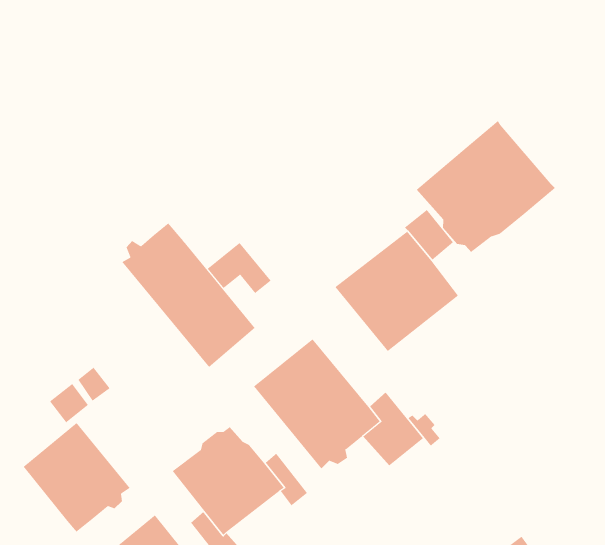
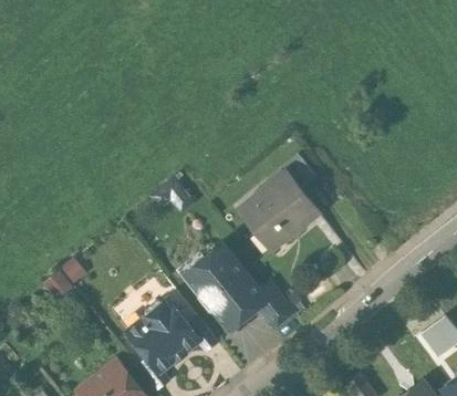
building: [416,120,556,253] -> none
building: [122,222,255,368] -> none
building: [23,422,130,533] -> none

